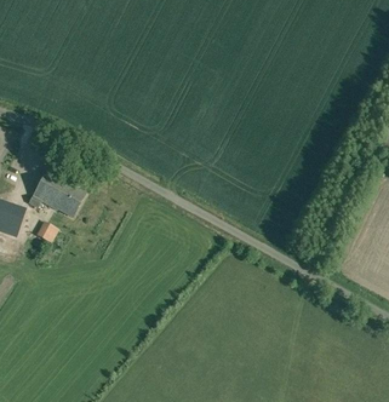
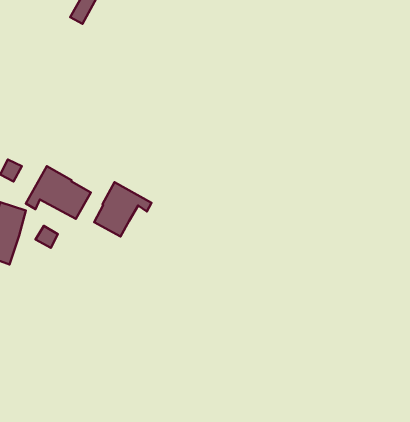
building: none -> [94,182,151,236]

